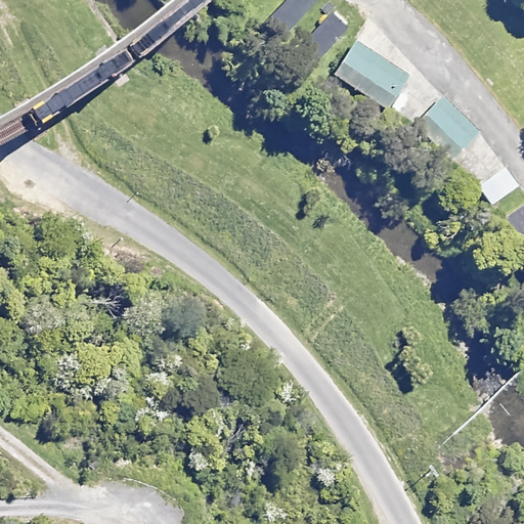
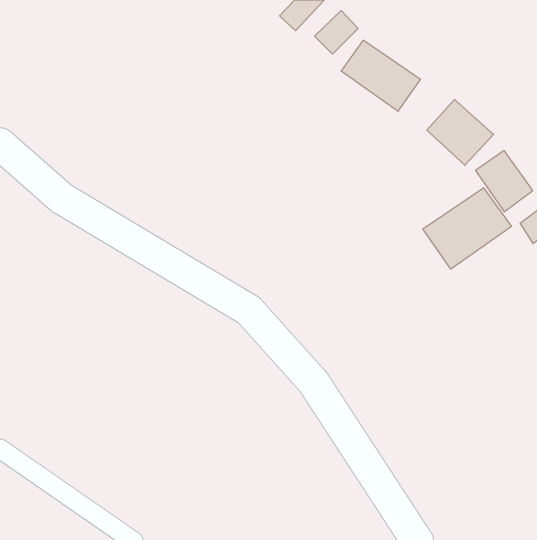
building: none -> [423,188,511,269]

